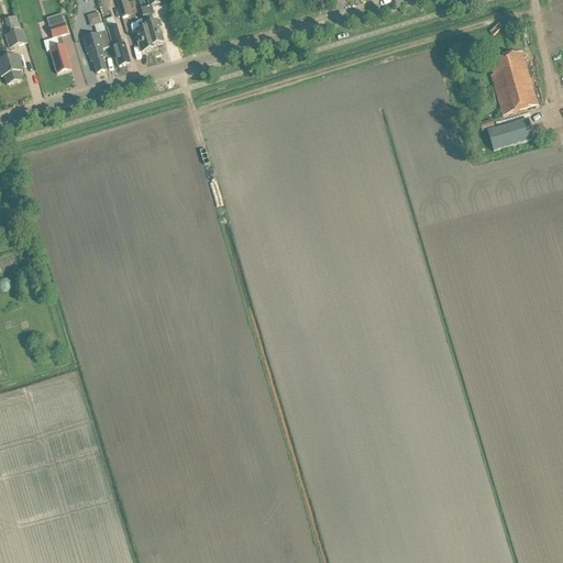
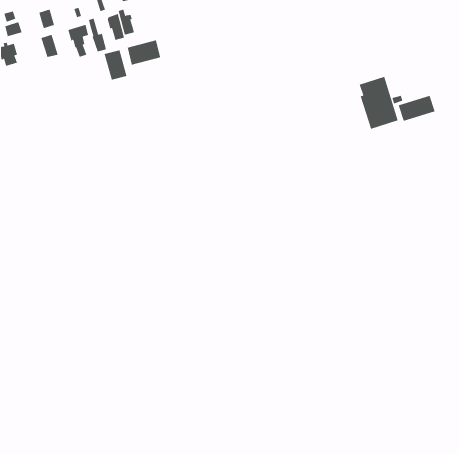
building: none -> [127,39,161,66]
building: [489,48,538,113] -> [359,76,398,129]
building: none -> [104,50,127,80]

